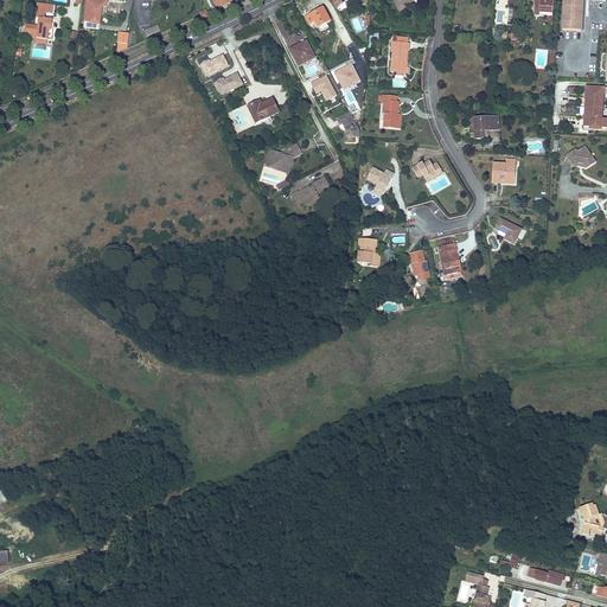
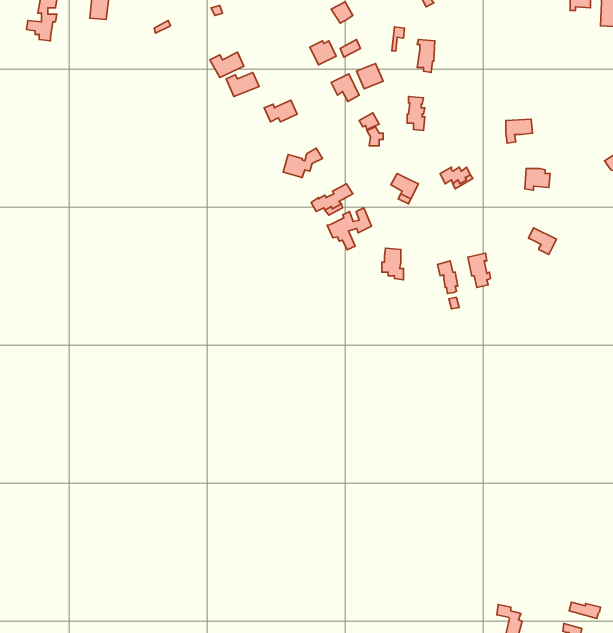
building: none -> [327,208,372,250]

